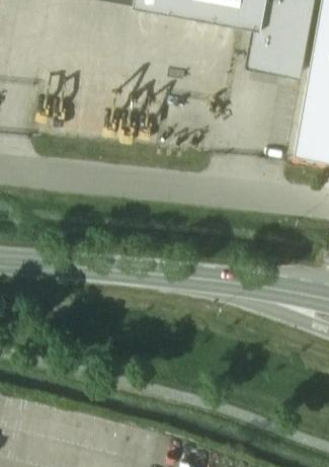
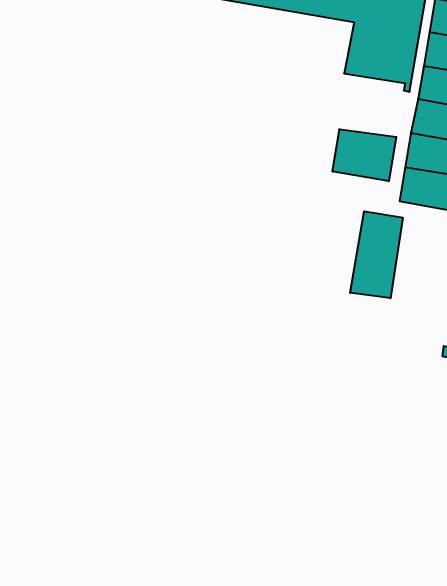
building: none -> [333,129,396,181]
building: none -> [350,211,403,298]

